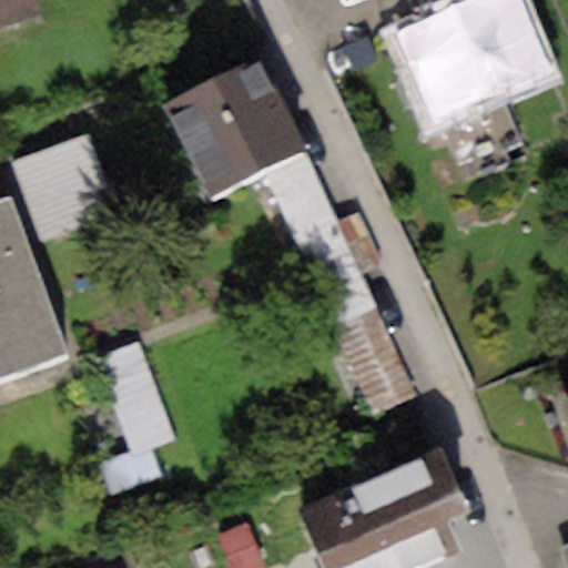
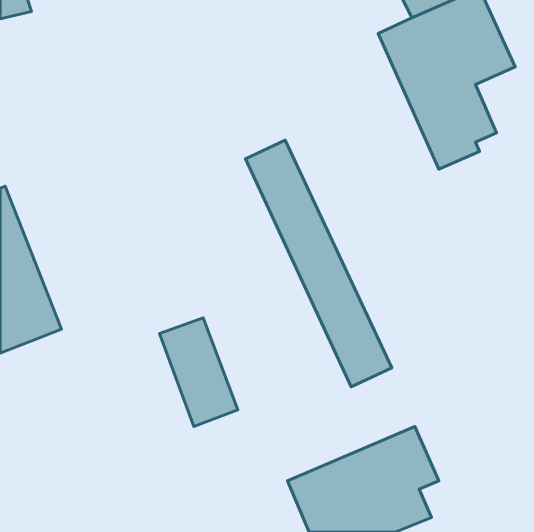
building: [164,60,303,194] -> none
building: [13,131,125,237] -> none
building: [92,341,175,456] -> [159,318,238,427]

